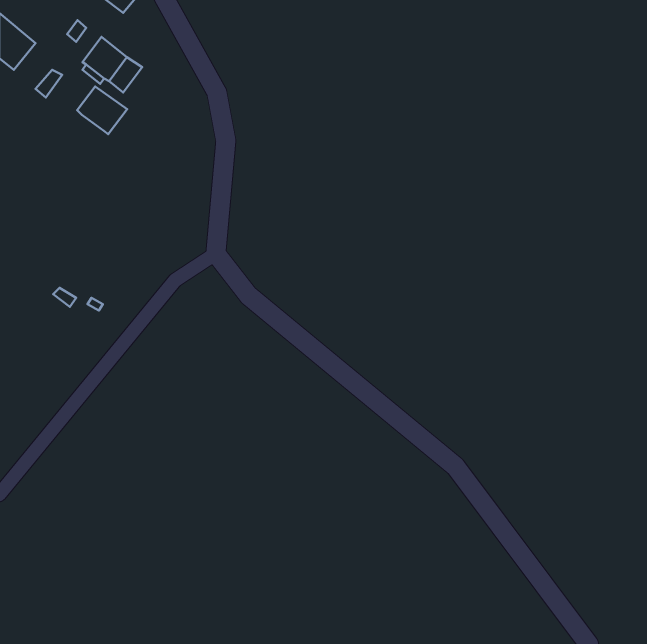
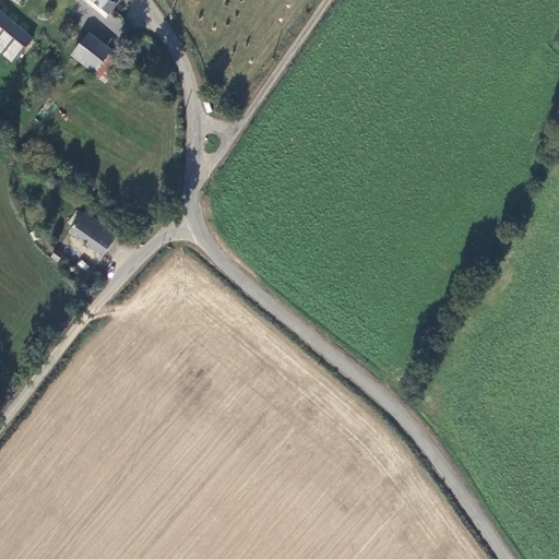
building: [77,86,127,134] -> none
building: none -> [68,211,115,254]

